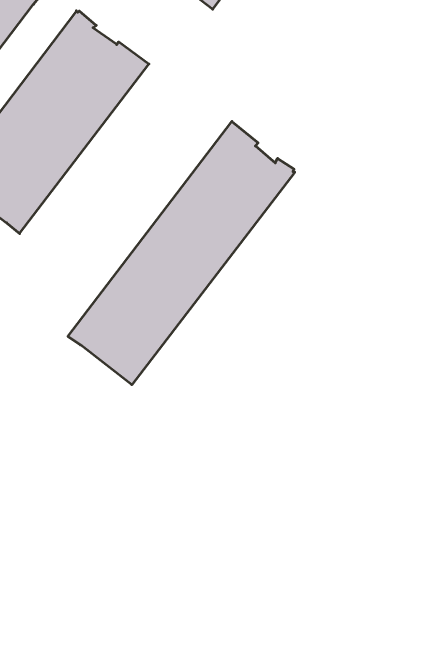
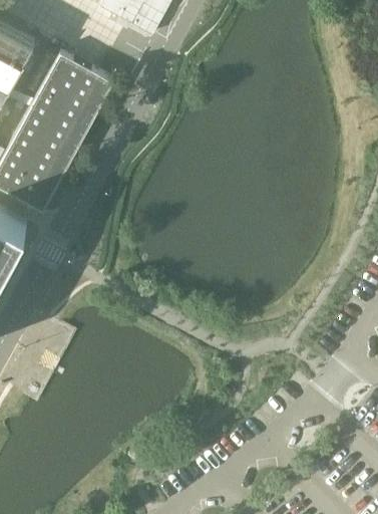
building: [68,121,295,385] -> none

